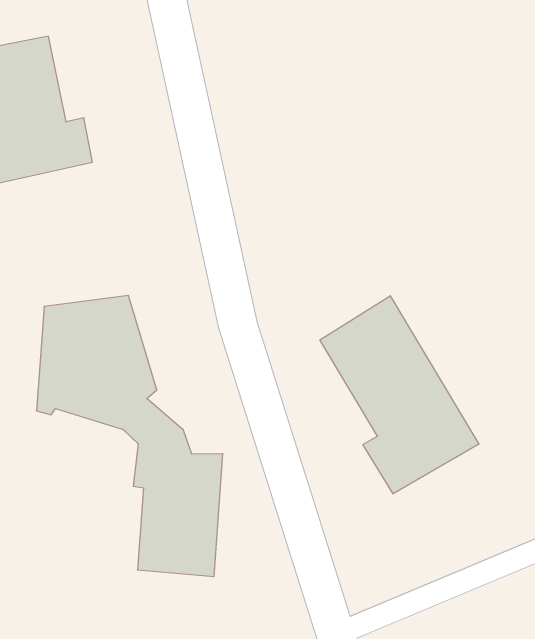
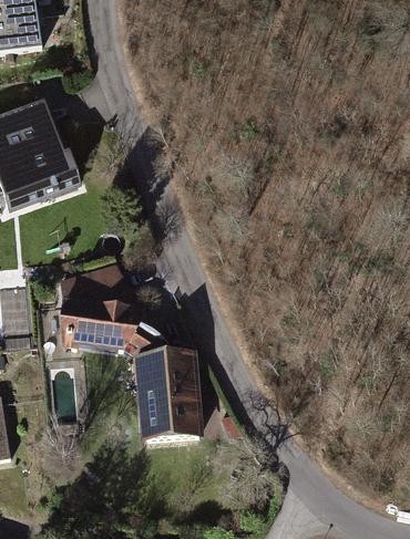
building: [320,296,479,494] -> none

